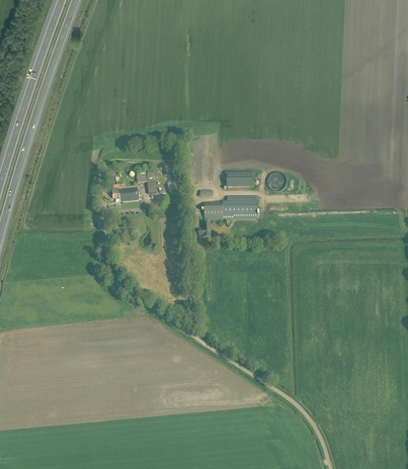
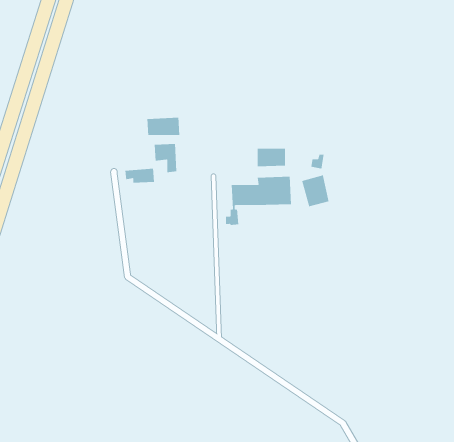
building: none -> [147,117,180,136]
building: none -> [302,175,329,207]

